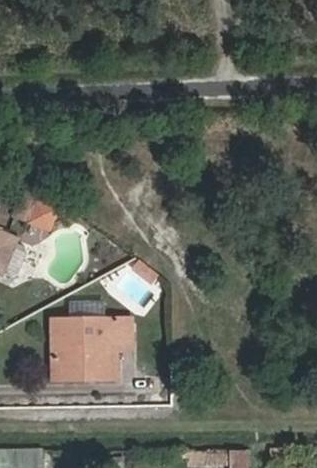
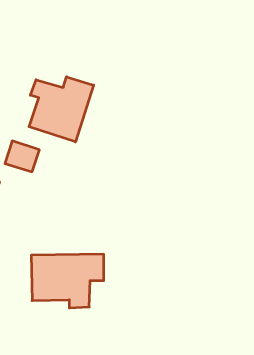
building: none -> [29,77,94,142]

